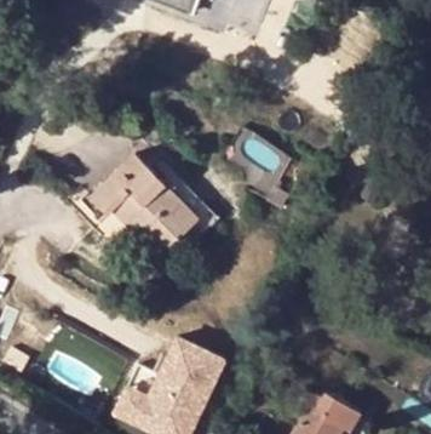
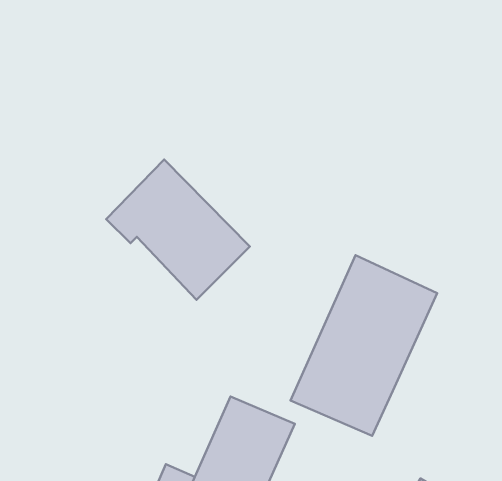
building: none -> [291,255,437,436]

